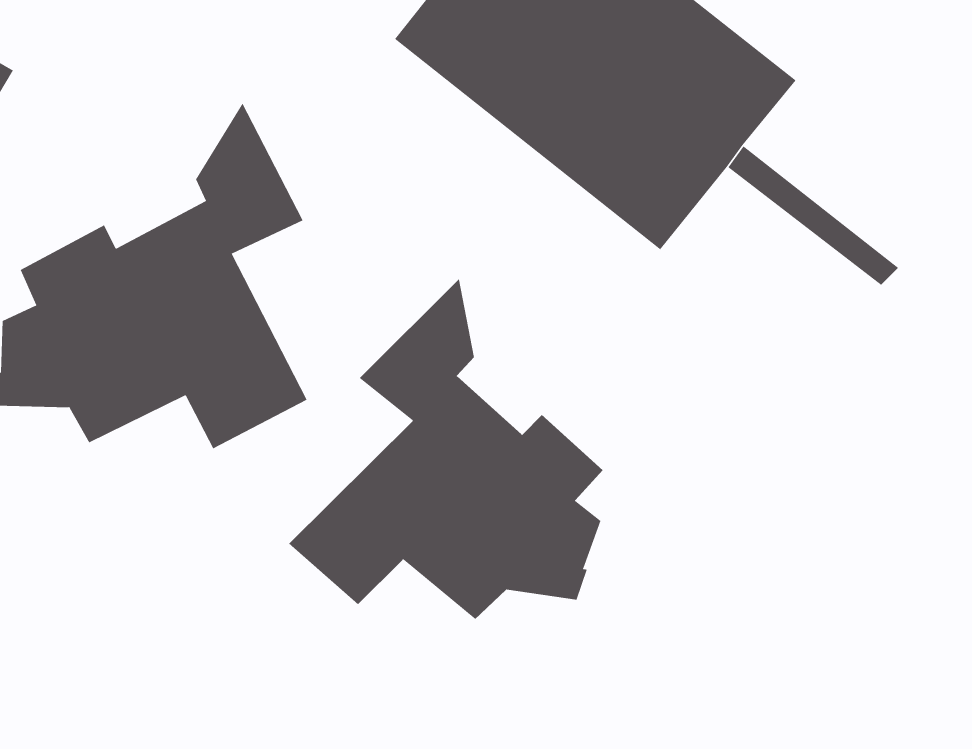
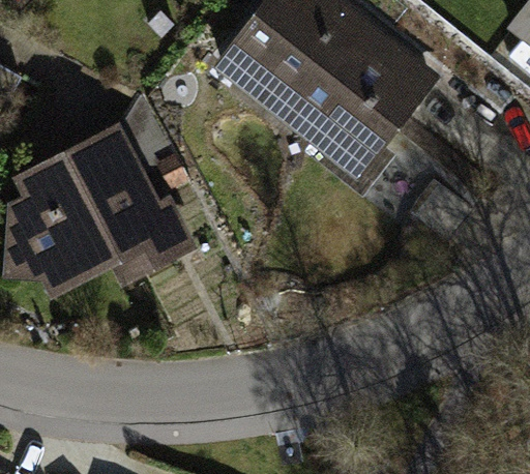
building: [288,278,604,620] -> none

